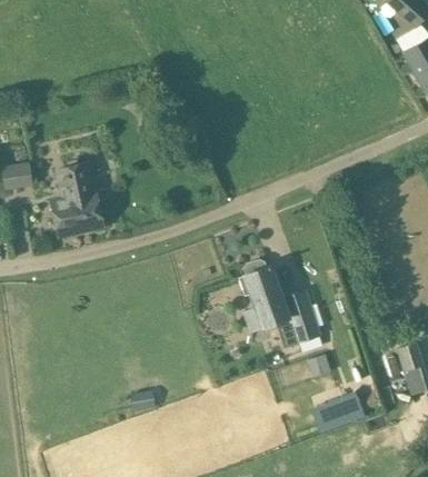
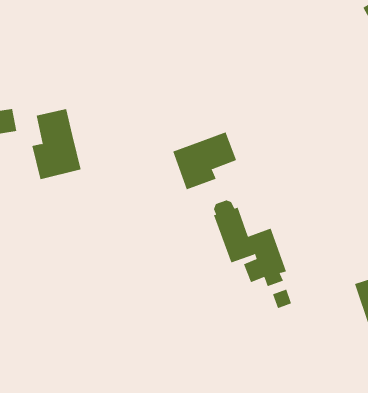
building: none -> [173,131,237,190]
building: [312,391,360,429] -> none

